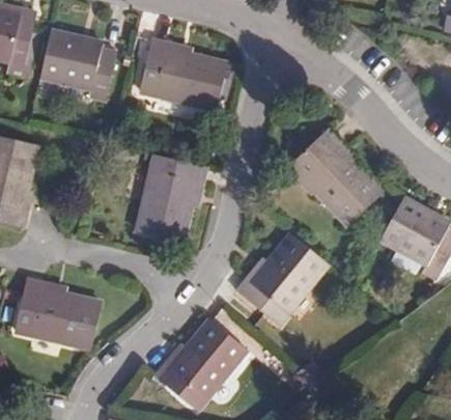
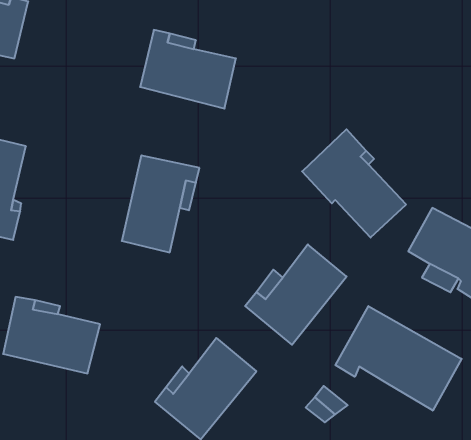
building: [38,32,116,101] -> none
building: none -> [335,306,462,411]

